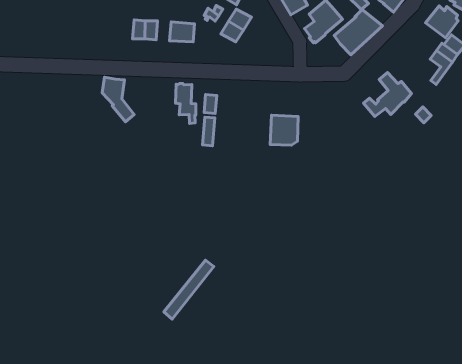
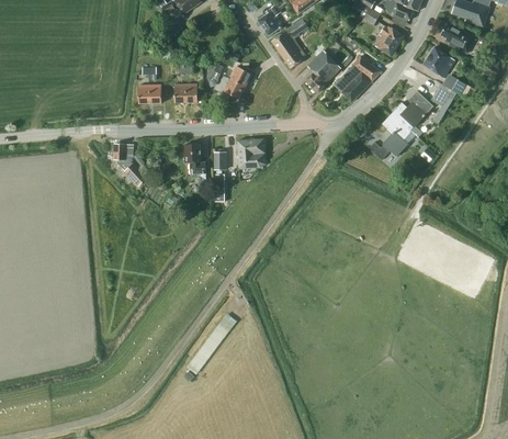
building: none -> [390,90,433,137]
building: [270,115,298,145] -> [238,138,266,168]

